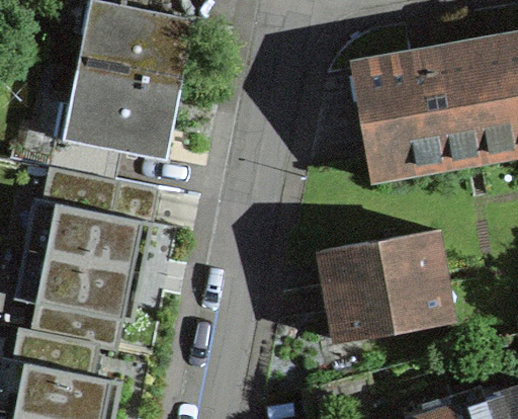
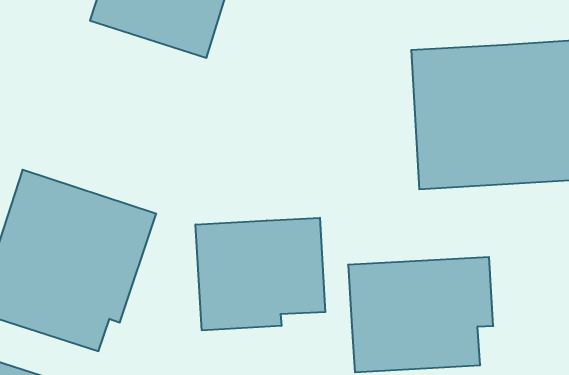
building: [51,69,180,180] -> none
building: none -> [196,218,325,330]

